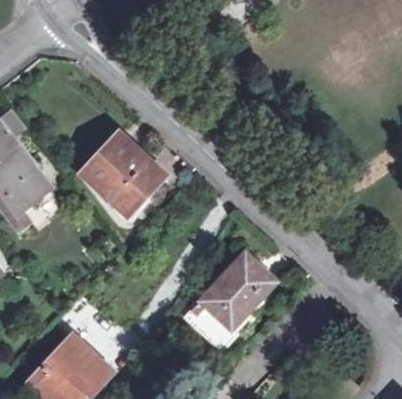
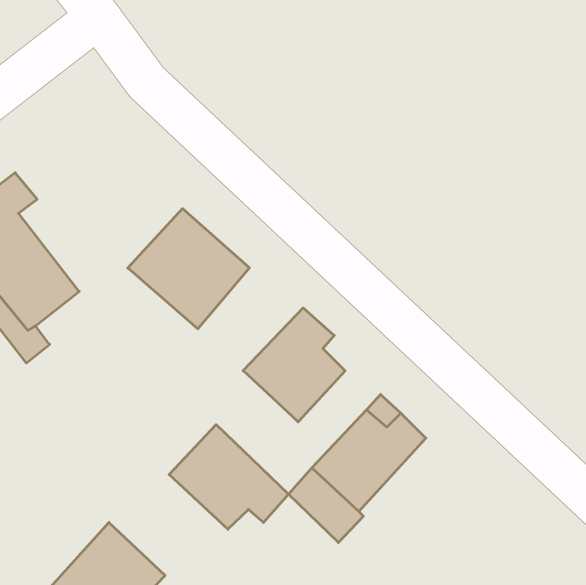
building: none -> [243,308,345,422]
building: none -> [169,425,289,529]

